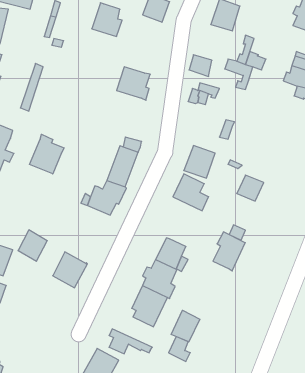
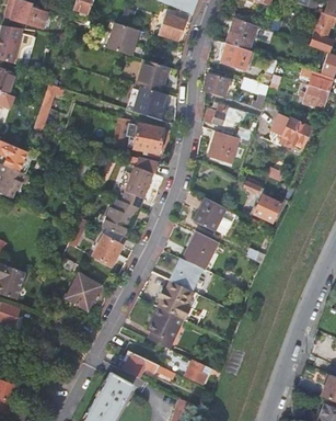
building: none -> [220,44,252,71]
building: none -> [137,60,167,93]
building: none -> [269,115,311,150]
building: none -> [125,123,163,157]
building: [30,134,64,174] -> none
building: [184,146,215,178] -> [207,132,239,164]
building: [18,230,47,261] -> [93,235,123,266]
building: [213,232,245,271] -> [185,231,218,271]
building: [171,310,200,342] -> none

